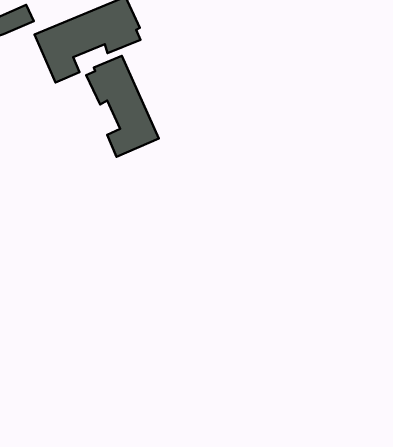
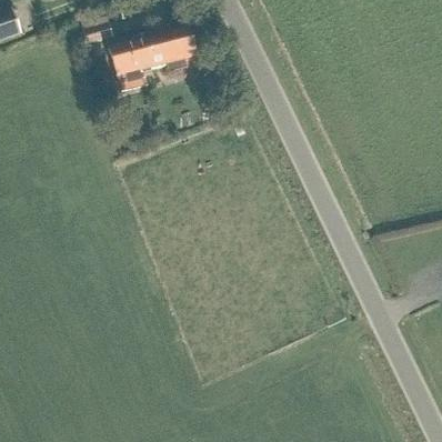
building: [86,56,159,157] -> none

